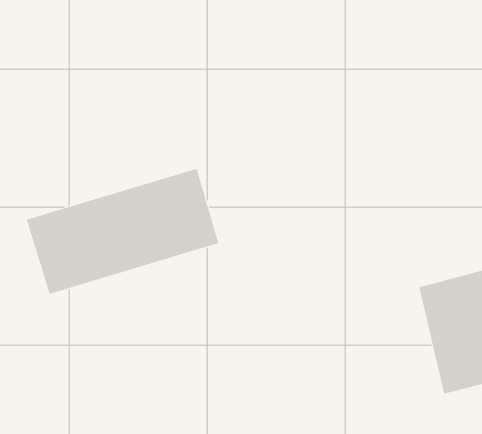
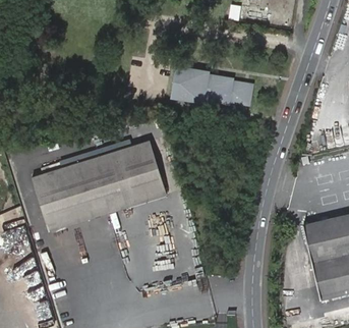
building: none -> [171,70,250,106]

